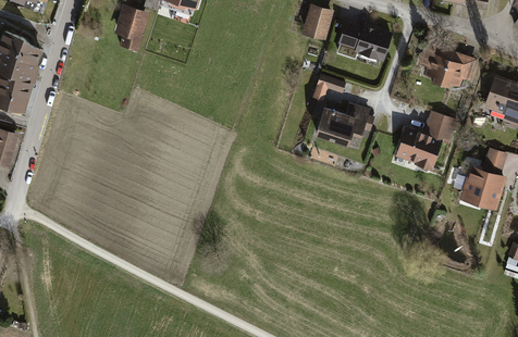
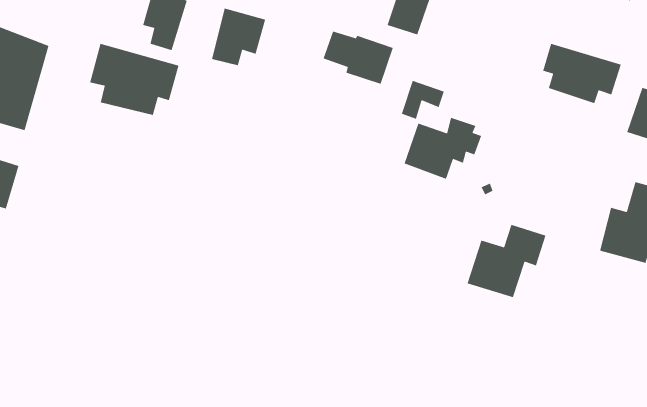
building: none -> [211,7,266,66]
building: [336,21,391,62] -> [323,30,394,85]
building: none -> [89,43,180,116]
building: [396,114,457,171] -> [467,224,546,298]

